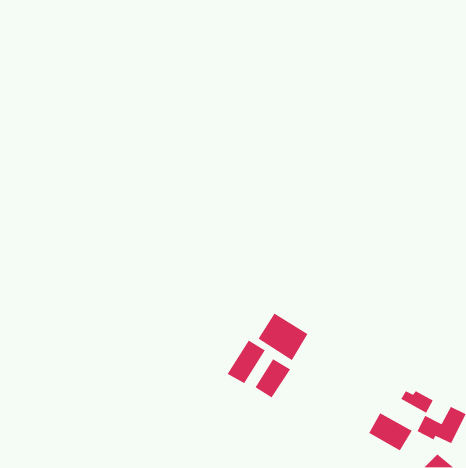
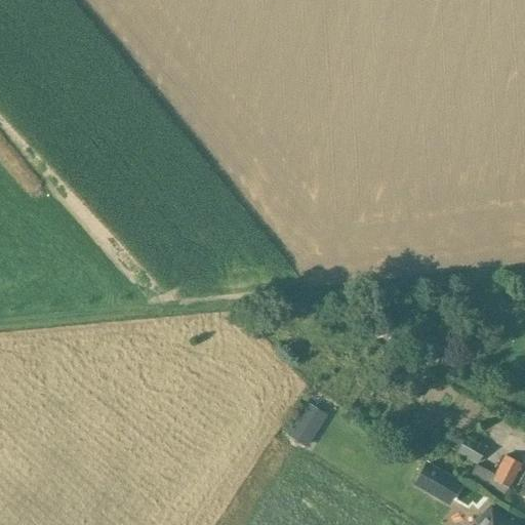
building: [258,313,308,361] -> none
building: [227,339,266,384] -> none

